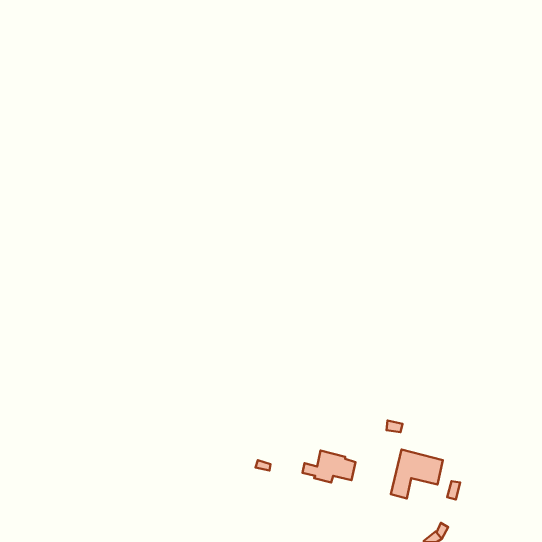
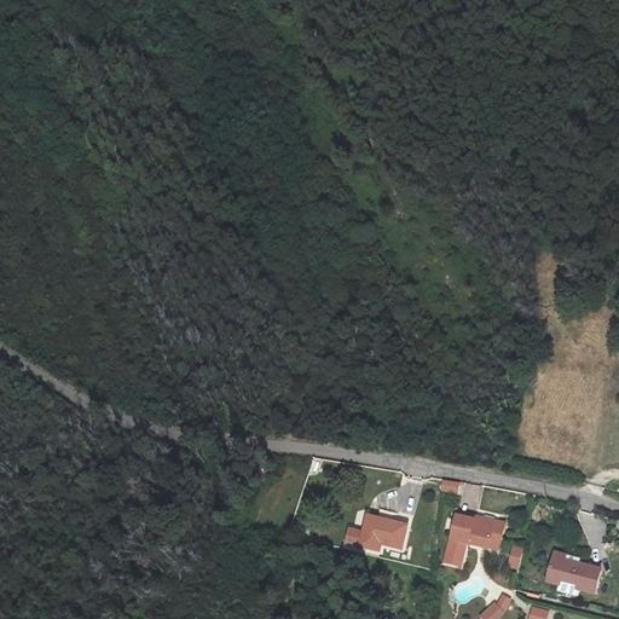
building: none -> [545,551,600,592]

